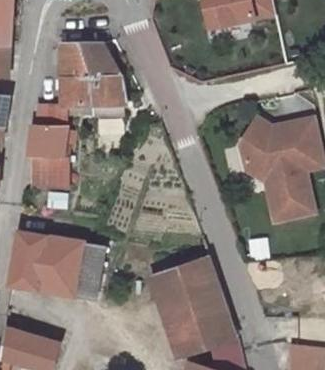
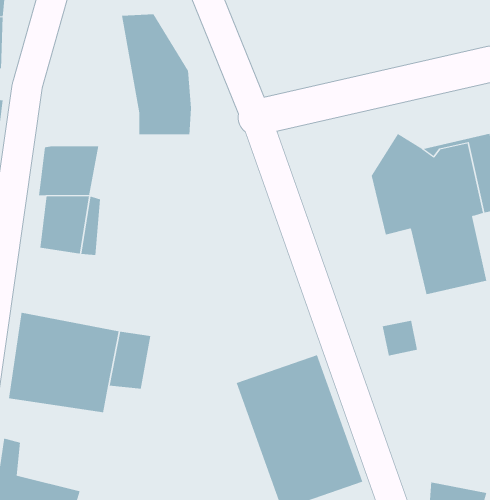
building: [39,42,94,125] -> none

